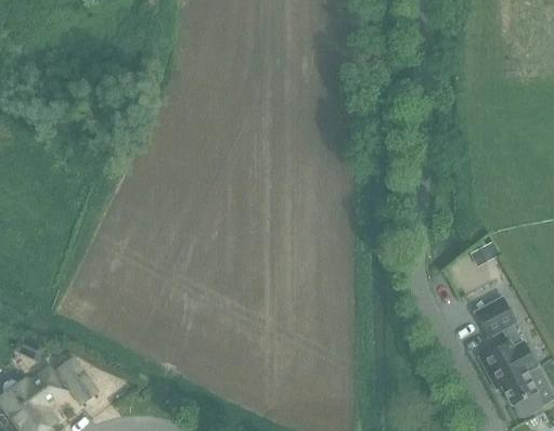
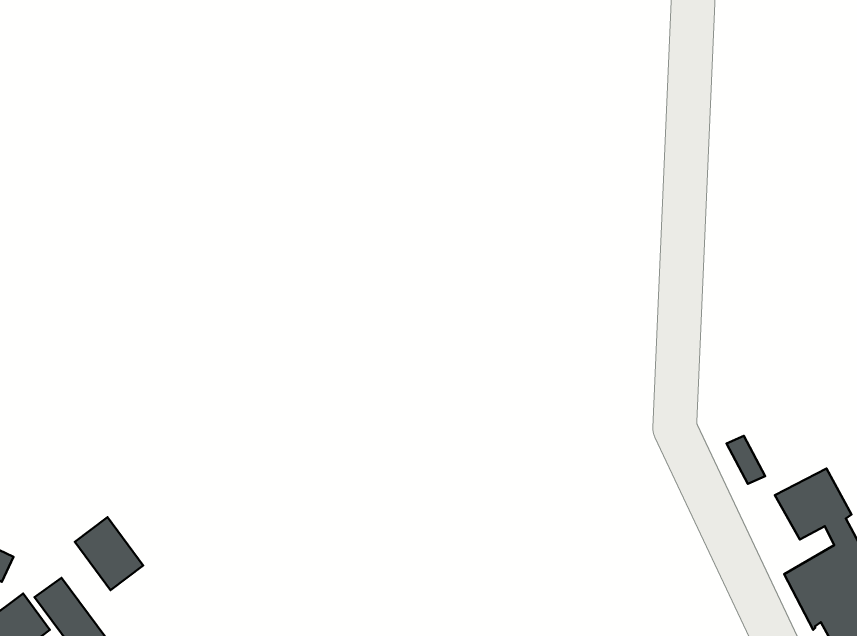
building: none -> [75,517,143,590]

